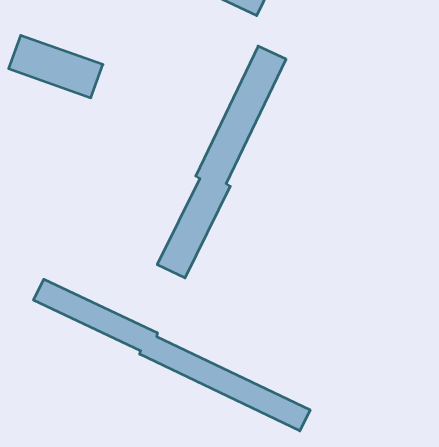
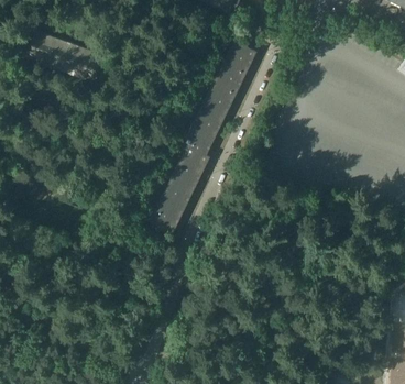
building: [34,279,310,431] -> none

